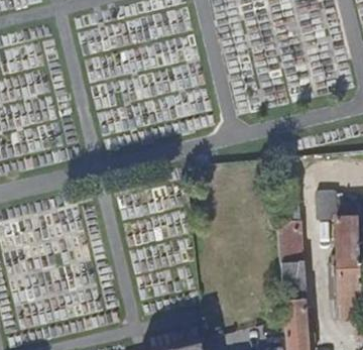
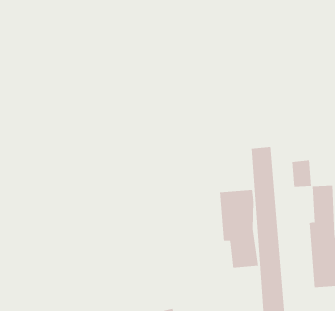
building: none -> [220,189,258,269]

